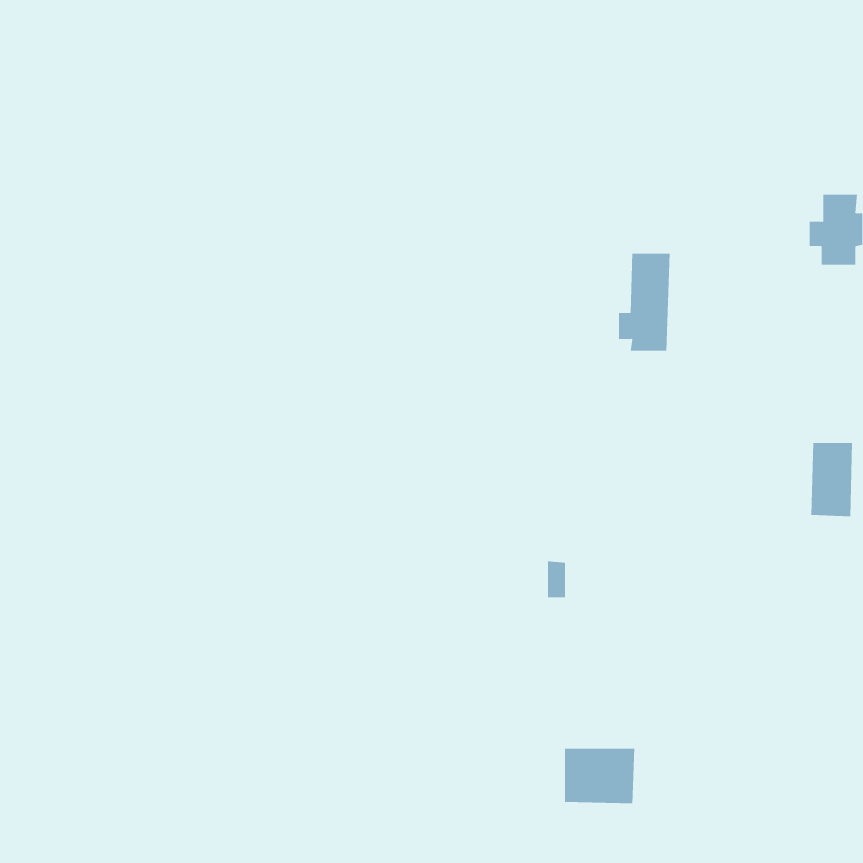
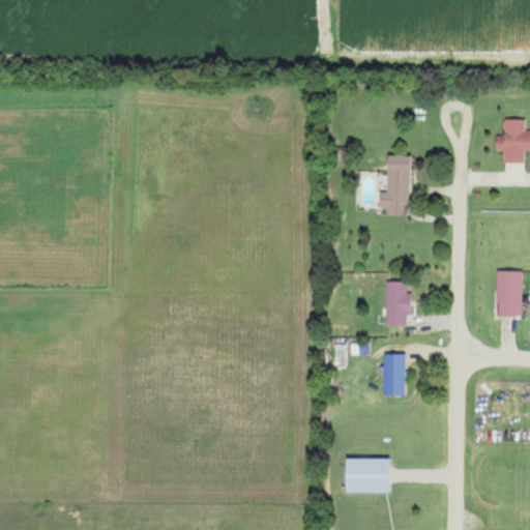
building: none -> [386,282,412,326]
building: none -> [383,354,406,395]

